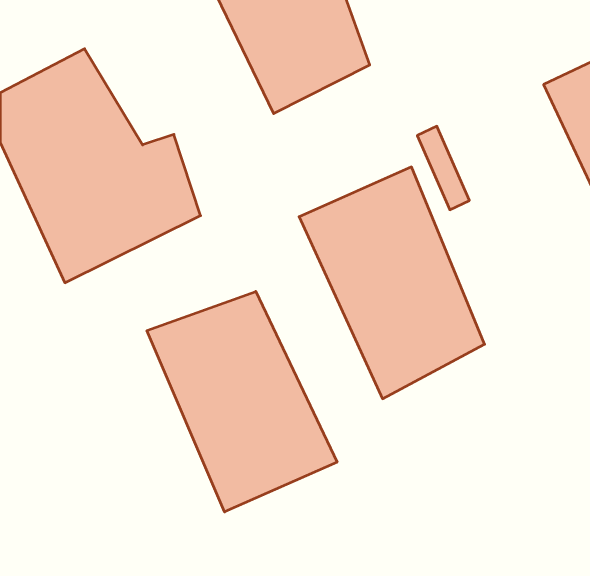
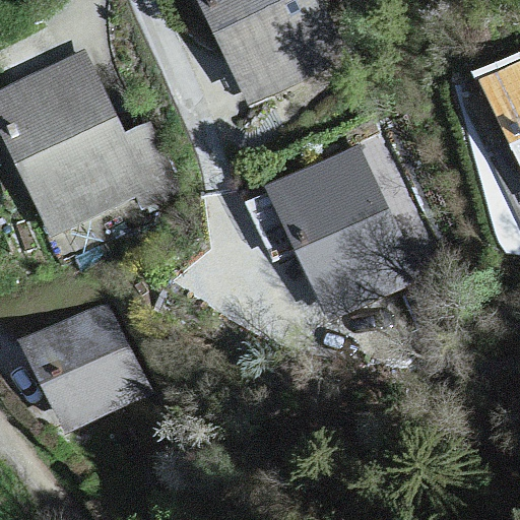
building: [147,291,337,512] -> none
building: none -> [19,300,146,432]

